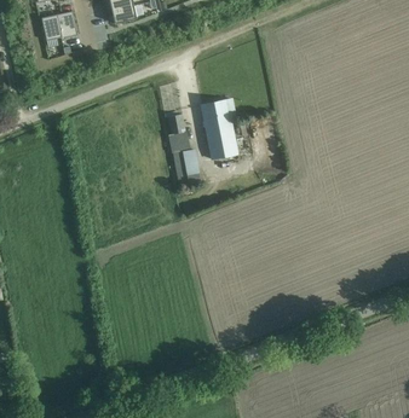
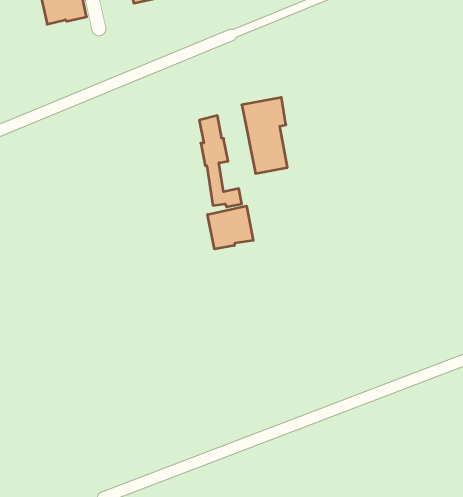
building: none -> [208,206,253,249]

